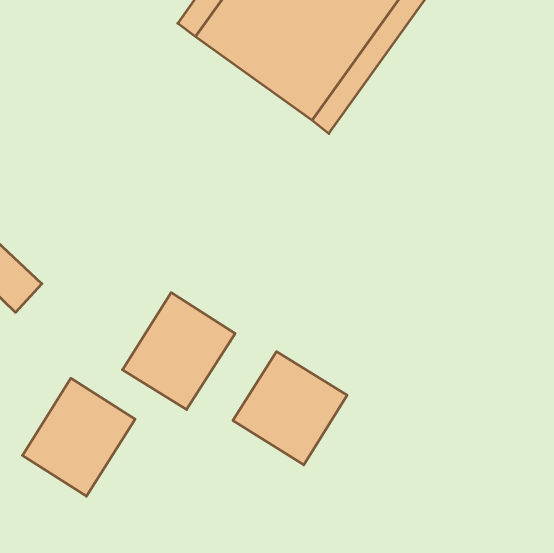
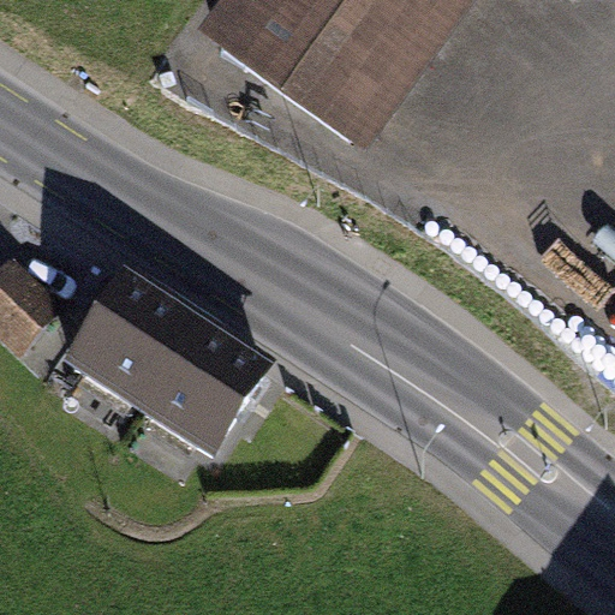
building: [233,352,347,465] -> none
building: [22,378,135,496] -> [64,274,186,402]

